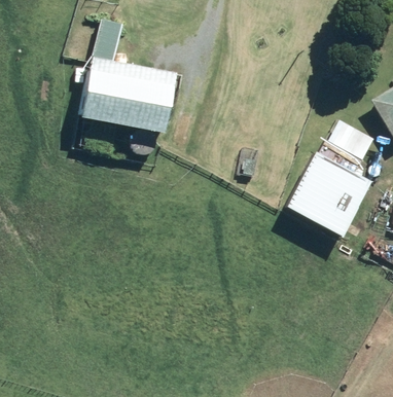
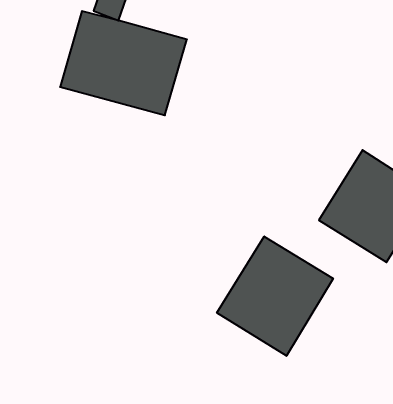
building: none -> [217,236,333,356]

